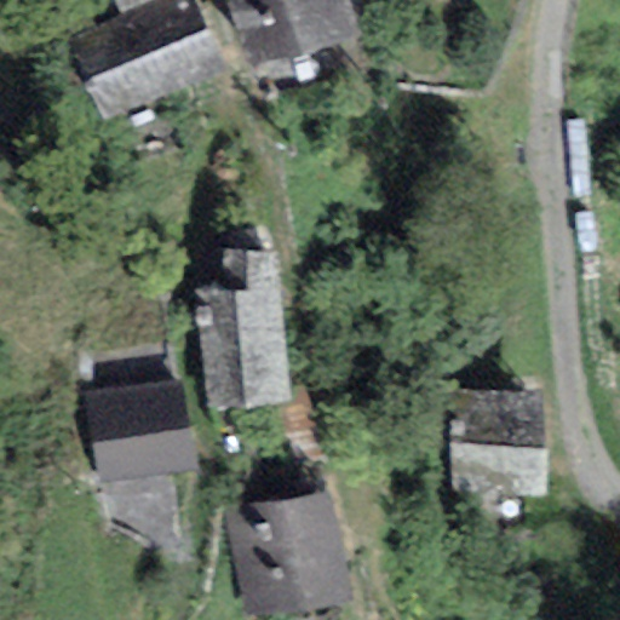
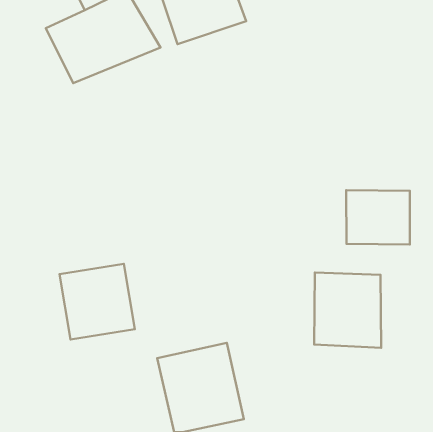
building: [193,248,291,412] -> none
building: none -> [346,190,410,245]

